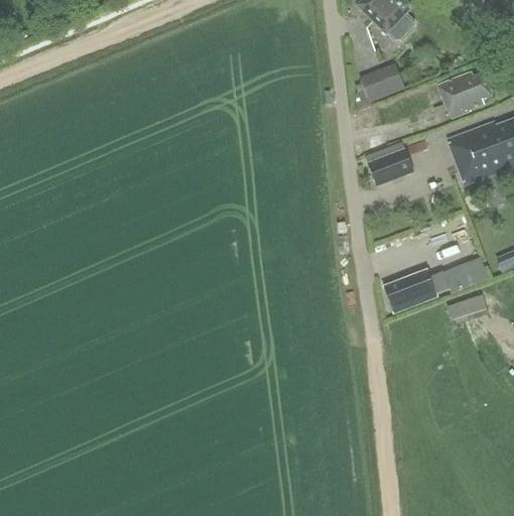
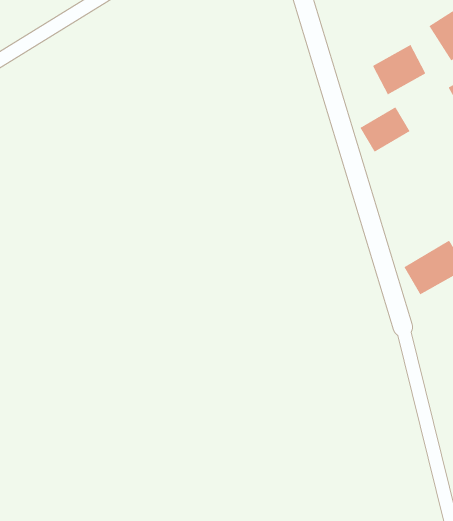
building: [358,61,403,102] -> [372,44,426,95]

